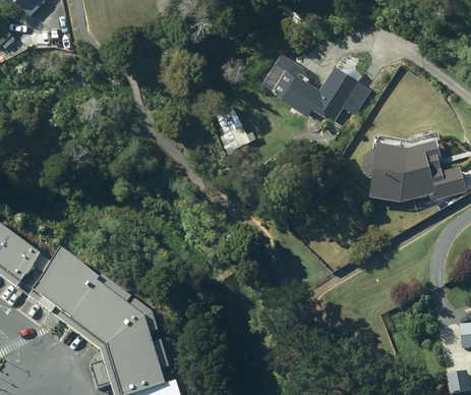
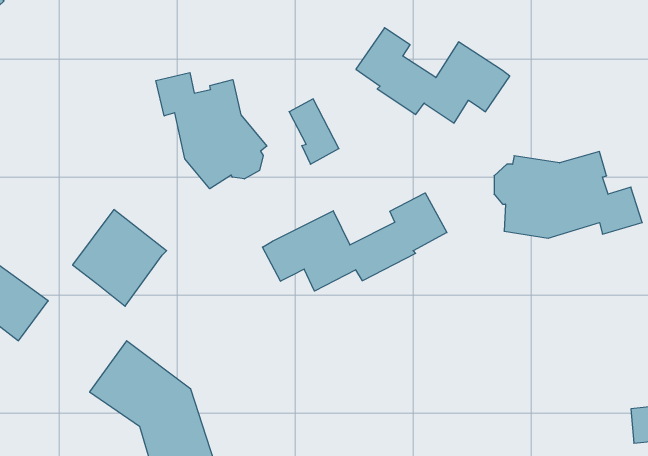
building: none -> [156,73,267,189]
building: none -> [262,193,447,291]
building: [33,245,100,315] -> [73,210,167,306]

